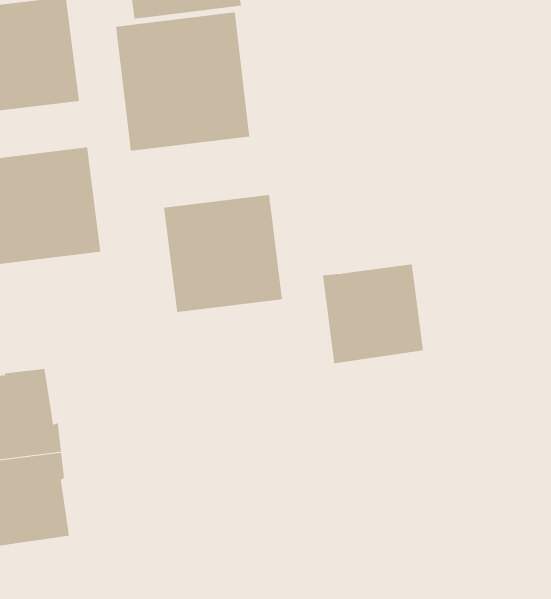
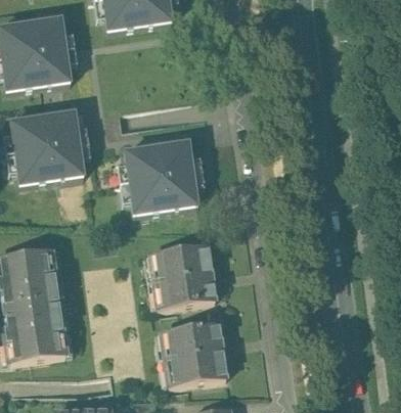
building: [116,12,250,152] -> none
building: [322,264,424,364] -> [151,244,215,307]
building: none -> [163,322,227,384]

